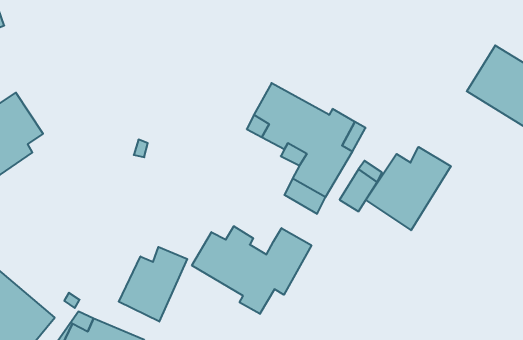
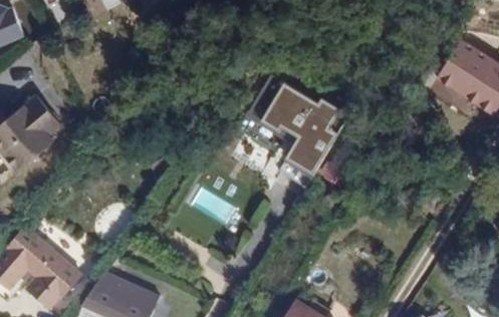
building: [366,147,451,230] -> none
building: [192,226,311,314] -> none
building: [119,247,187,322] -> none

